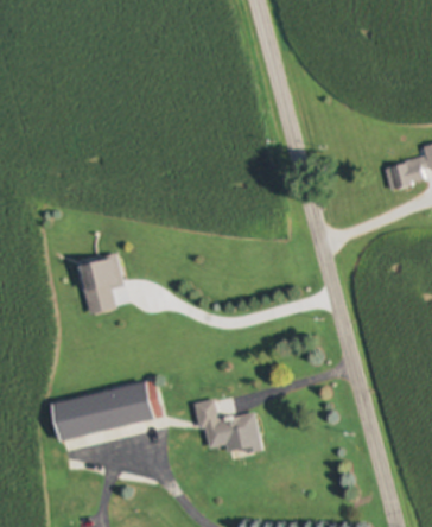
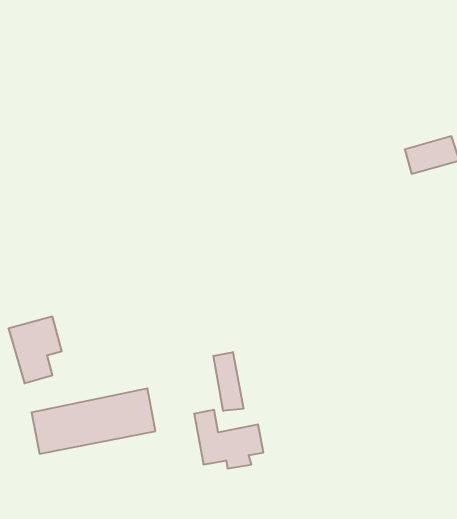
building: [76,254,123,313] -> [8,317,62,383]
building: none -> [213,352,243,411]

